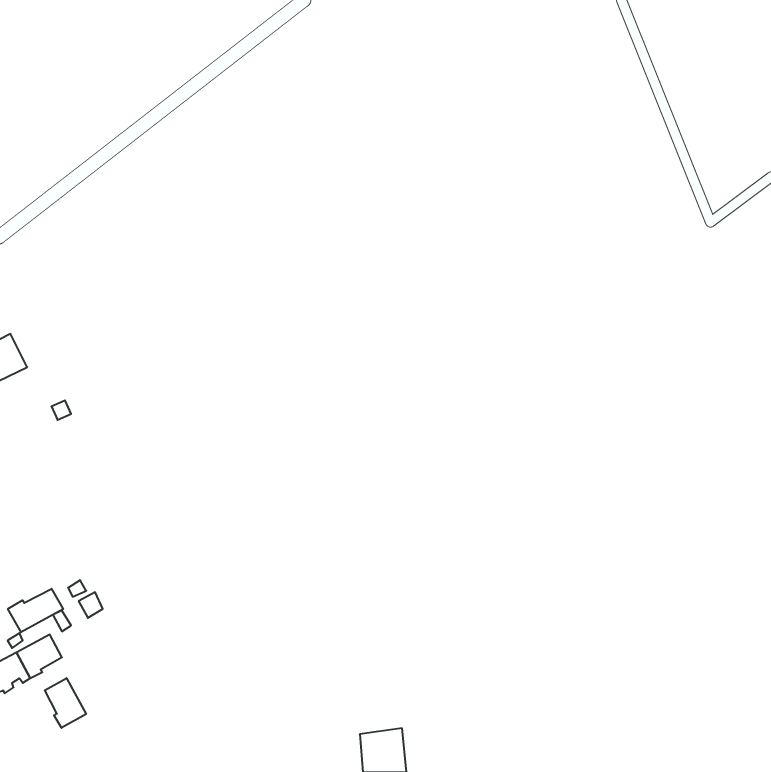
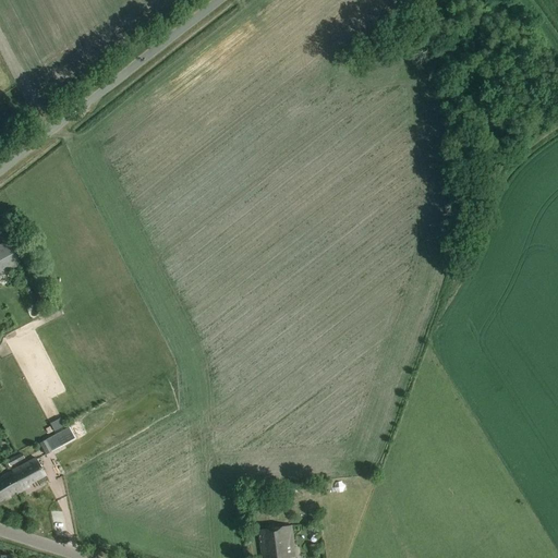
building: [8,589,63,632] -> none
building: [45,678,86,728] -> none

